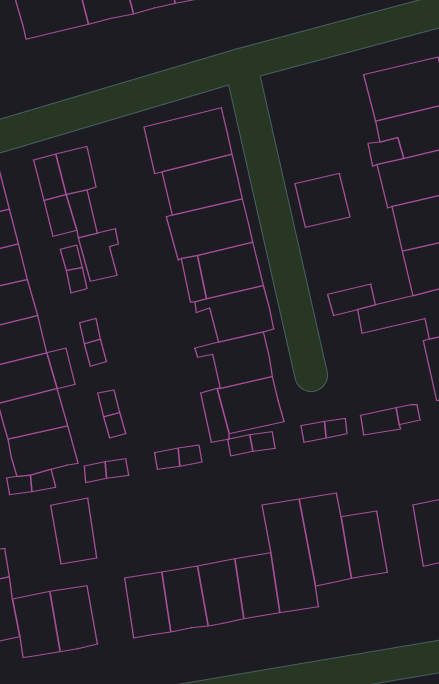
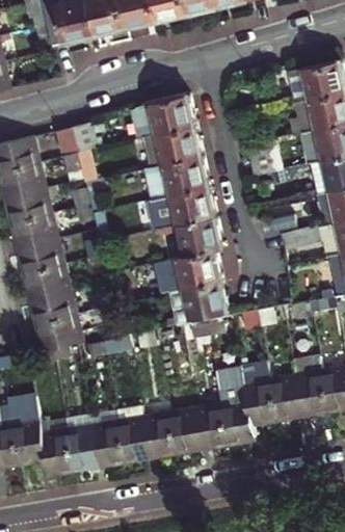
building: [51,498,97,564] -> [92,420,125,466]
building: none -> [294,369,326,416]

